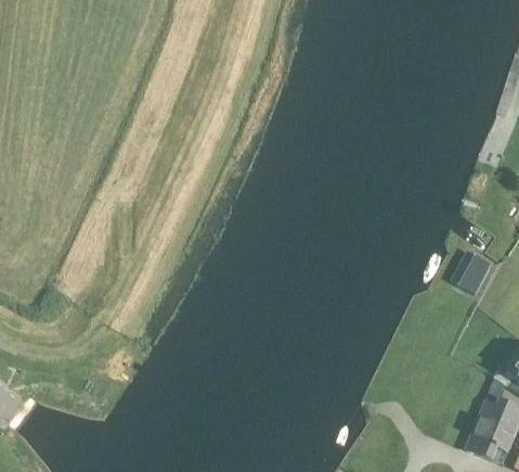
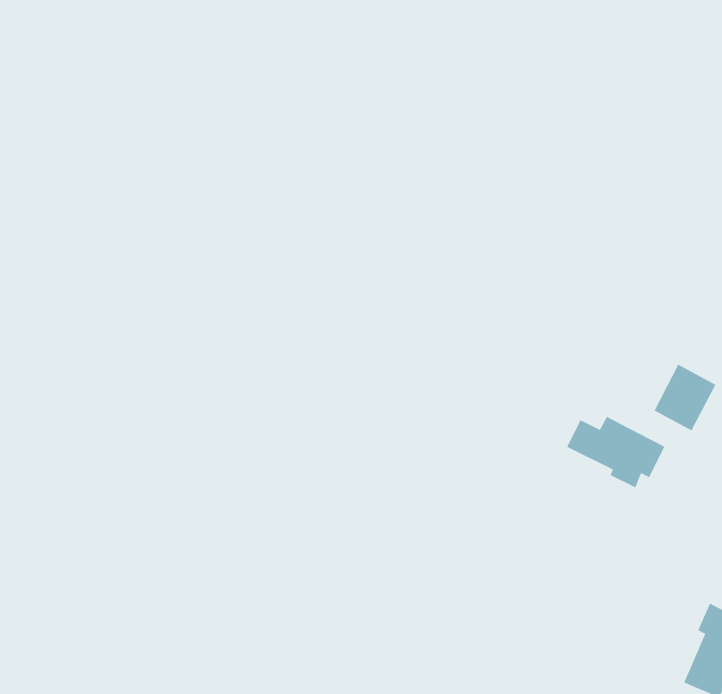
building: none -> [566,416,666,488]

